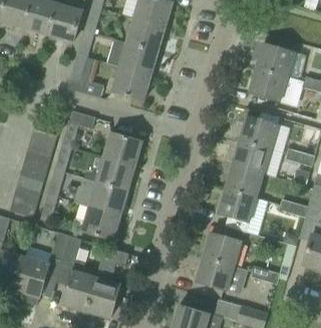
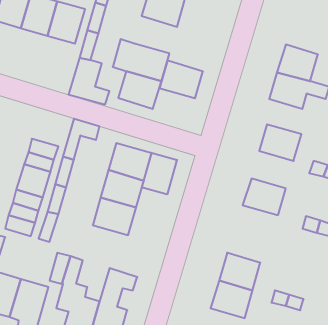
building: [126,17,166,51] -> [160,61,203,98]
building: [233,139,271,174] -> none
building: none -> [142,153,177,194]
building: [218,189,257,223] -> none
building: [82,207,121,240] -> none

